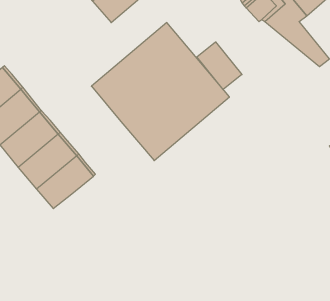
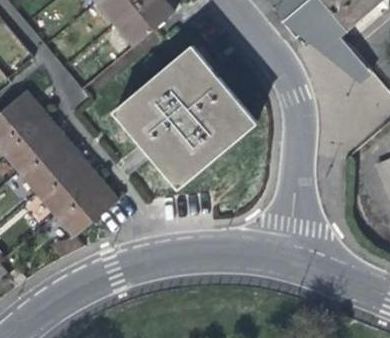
building: [197,42,242,90] -> none

